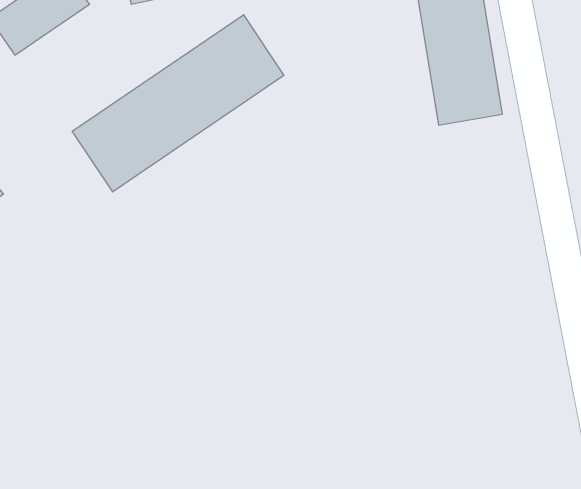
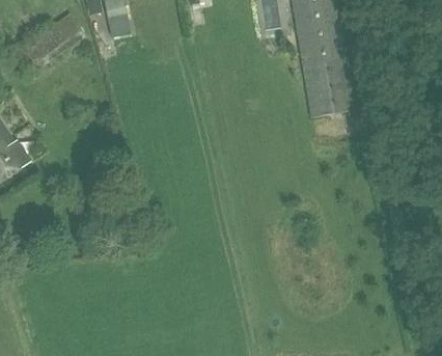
building: [72,15,284,192] -> none

